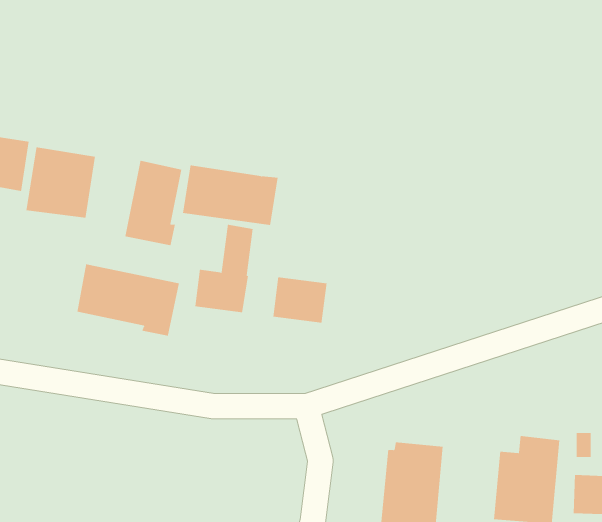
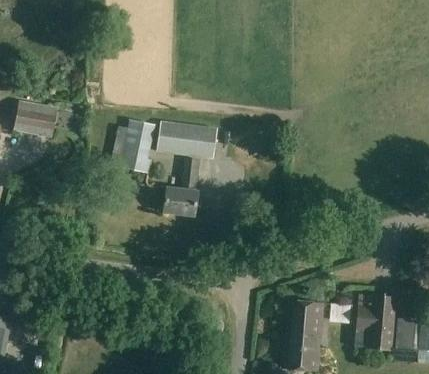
building: [26,147,95,219] -> none
building: [77,264,179,336] -> none
building: [273,277,327,324] -> none

